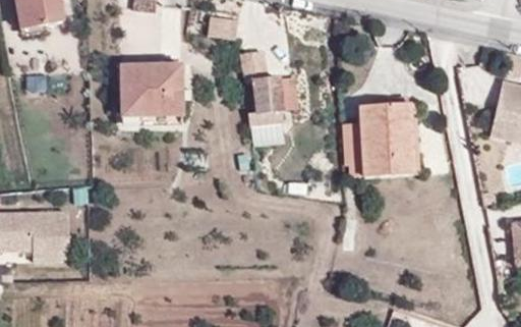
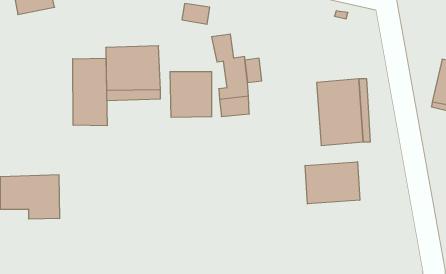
building: none -> [73,58,107,126]
building: none -> [170,72,212,117]
building: none -> [305,162,360,204]

